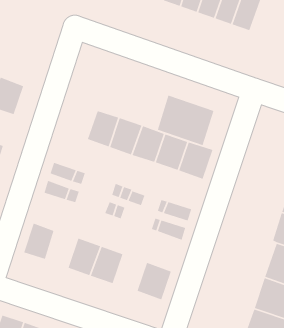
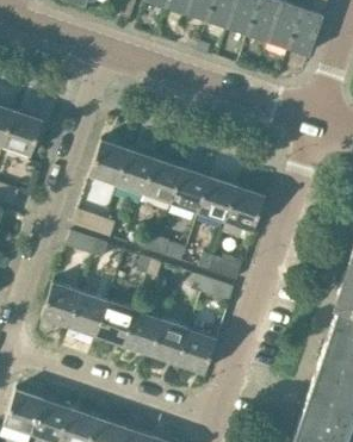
building: [157,95,214,146] -> none
building: none -> [89,139,129,183]
building: none -> [68,291,106,335]
building: none -> [148,318,187,362]

